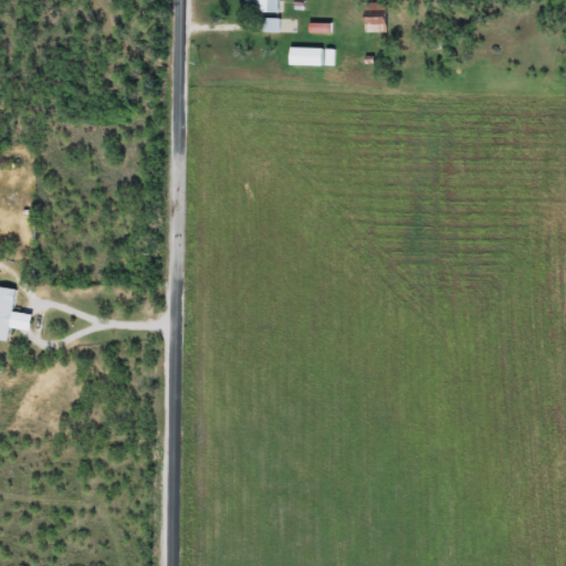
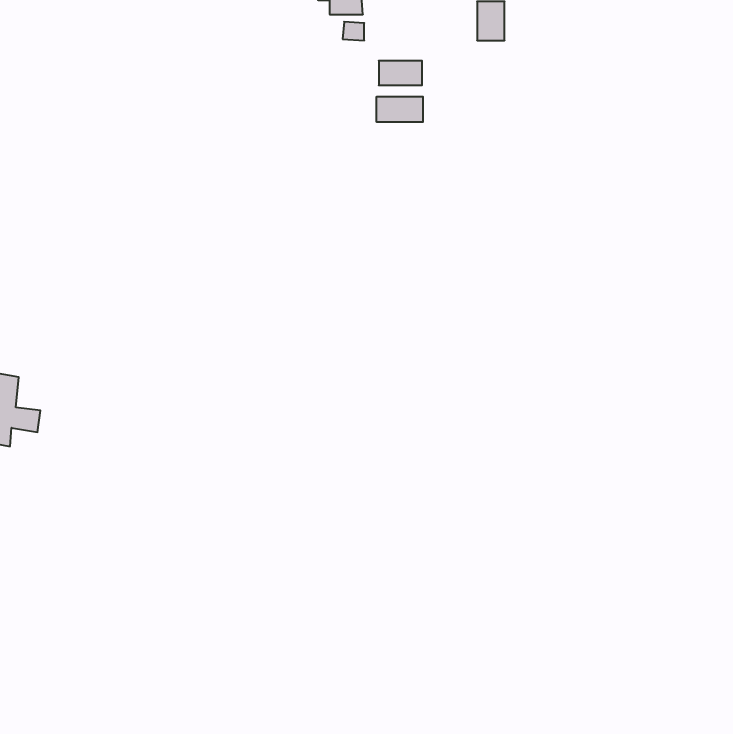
building: none -> [377,97,423,122]

